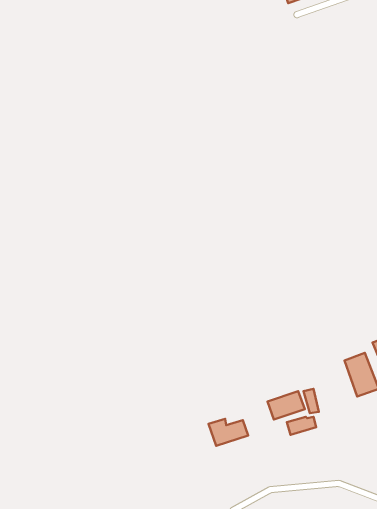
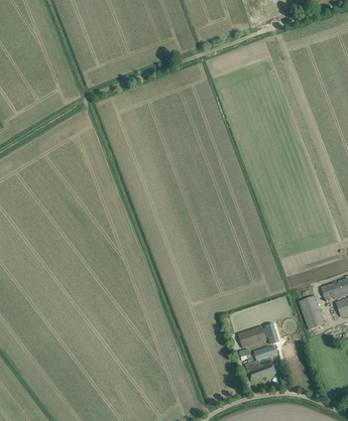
building: [208,419,248,446] -> [245,360,276,381]

